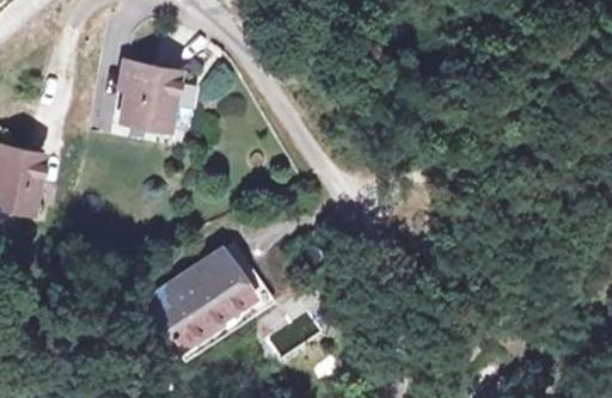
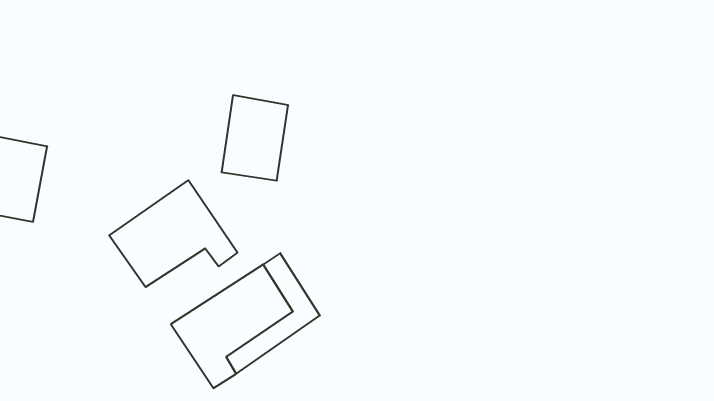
building: [116,61,172,133] -> [221,95,288,181]
building: none -> [109,180,237,287]

